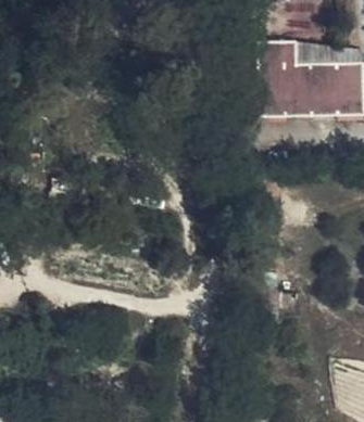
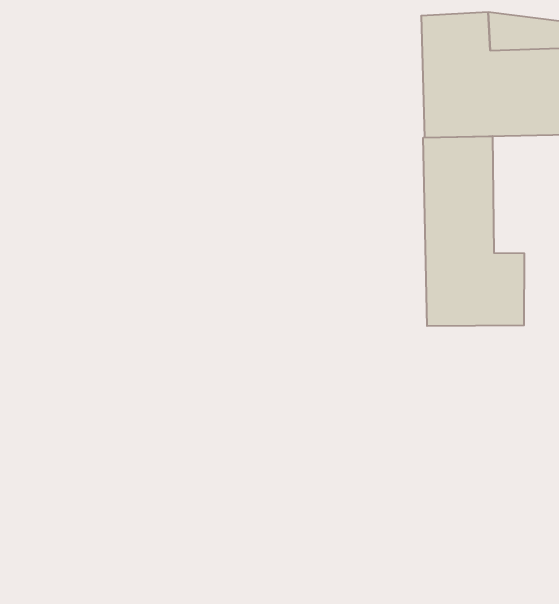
building: none -> [423,136,524,326]

